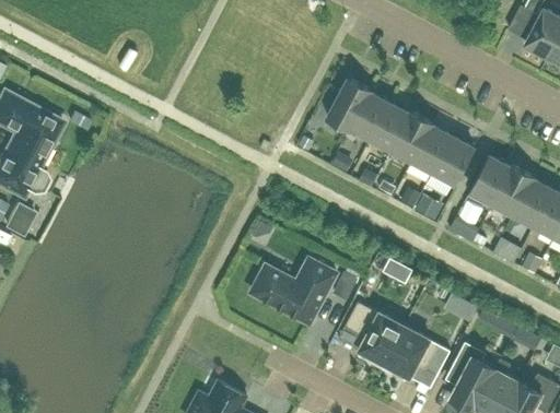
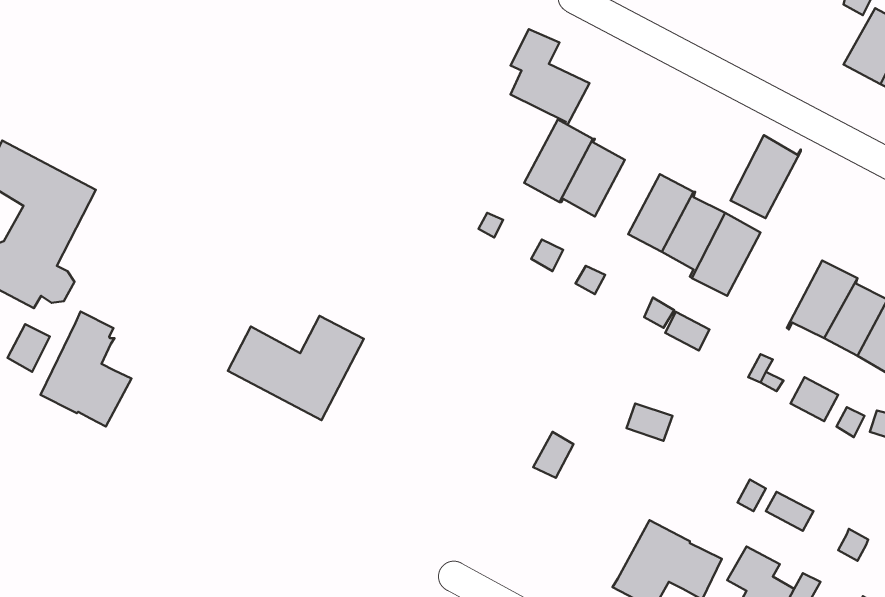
building: none -> [510,29,589,125]
building: [371,104,411,150] -> none
building: [468,156,512,208] -> [730,135,801,218]
building: none -> [41,312,131,427]
building: [252,259,336,323] -> [228,316,364,420]
building: [345,303,405,368] -> none

